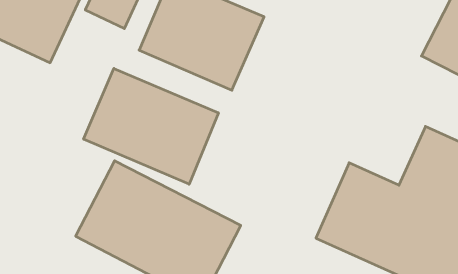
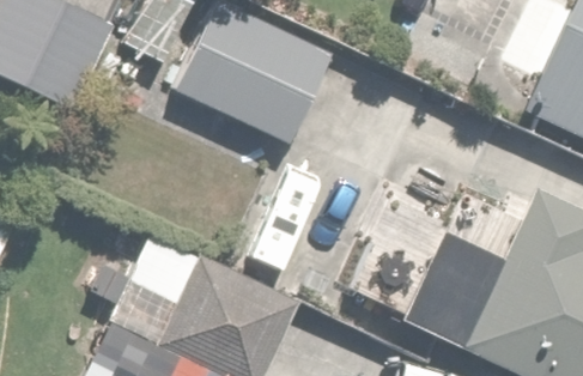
building: [84,68,218,184] -> none

